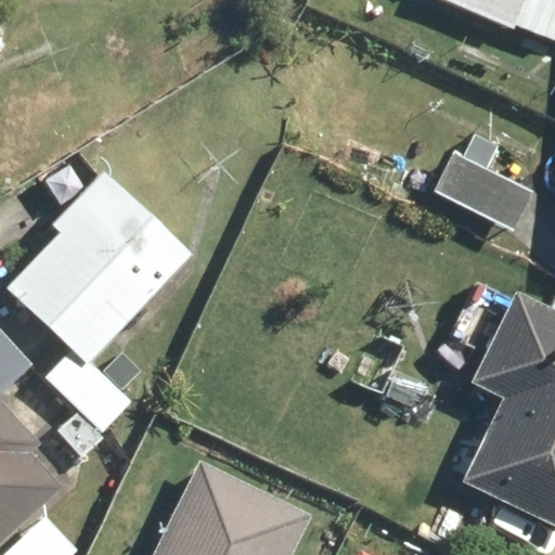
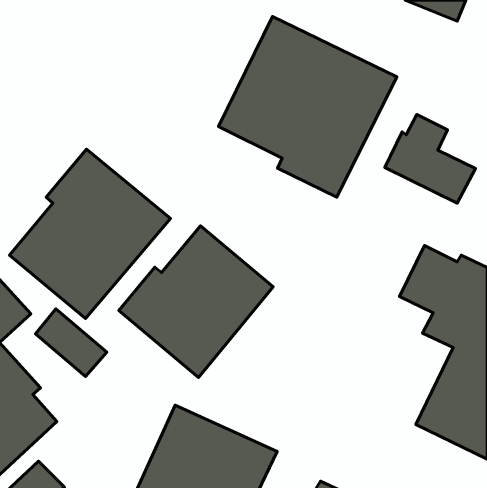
building: none -> [218,17,397,197]
building: none -> [119,226,273,378]

